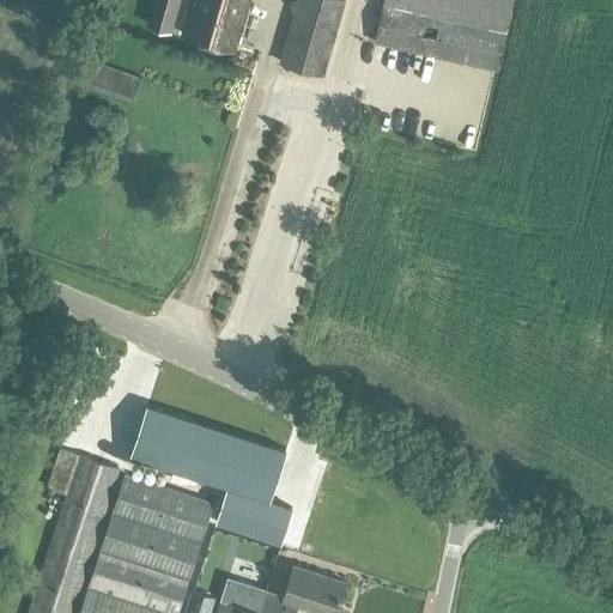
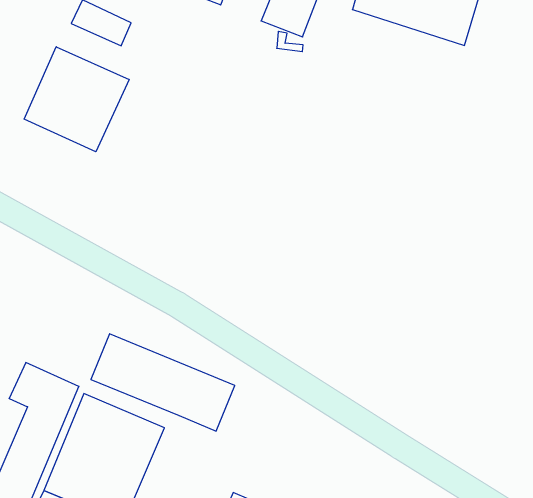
building: none -> [24,47,129,152]
building: [217,488,292,545] -> none

